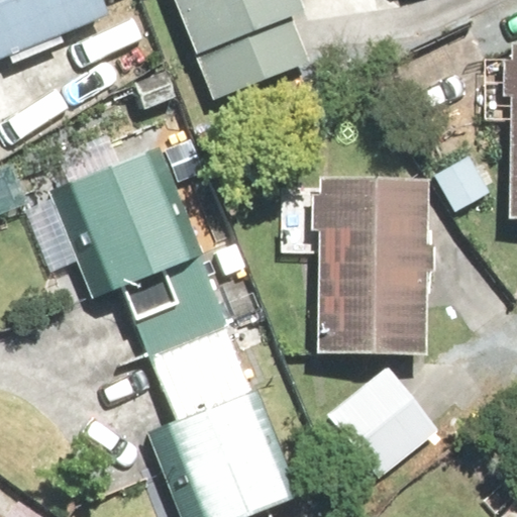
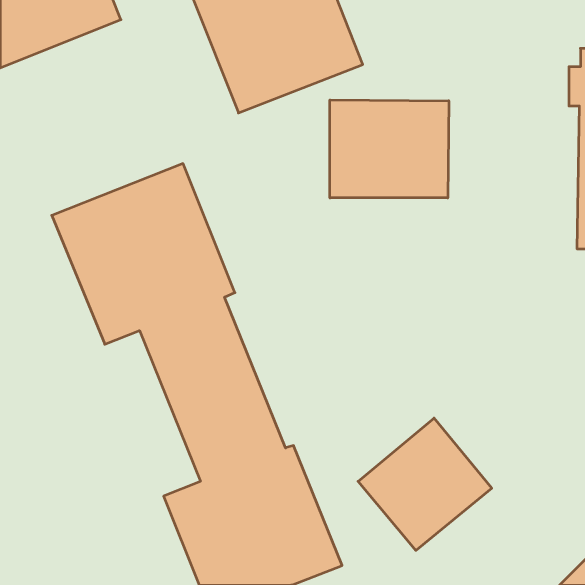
building: none -> [330,100,449,198]
building: [310,177,434,355] -> none

